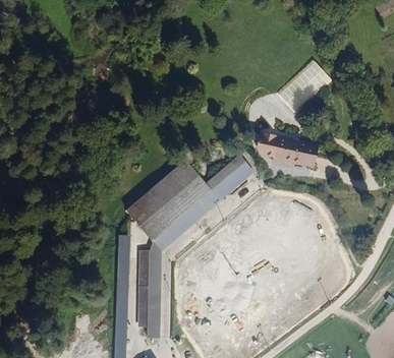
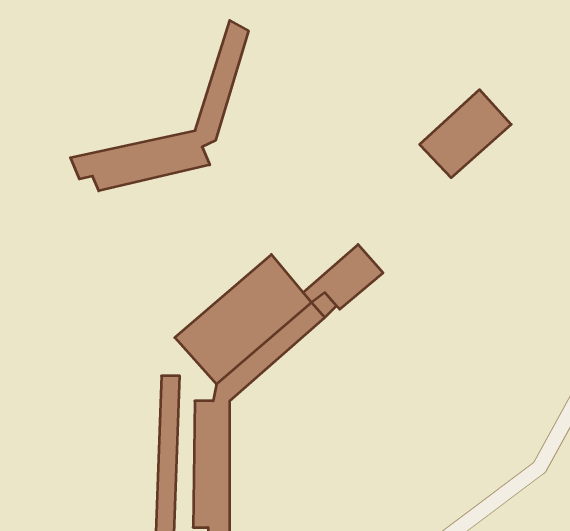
building: none -> [70,20,248,191]
building: [257,133,317,166] -> none

